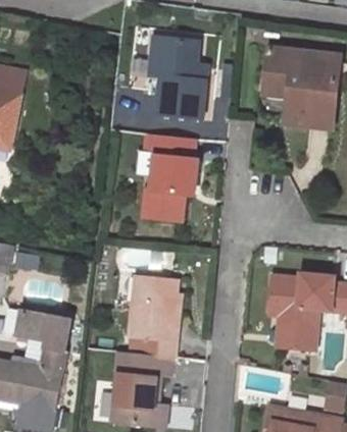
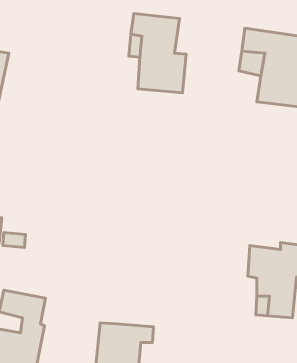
building: [147,132,200,219] -> none
building: [133,275,181,355] -> none

